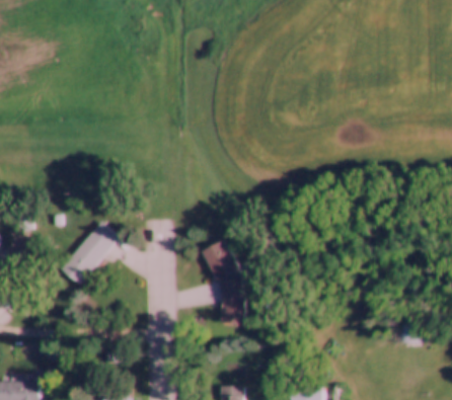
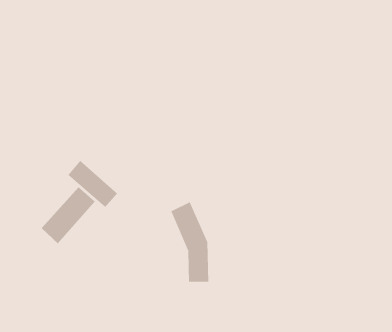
building: none -> [68,160,118,208]

